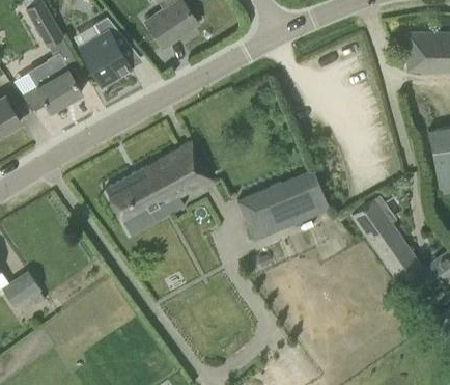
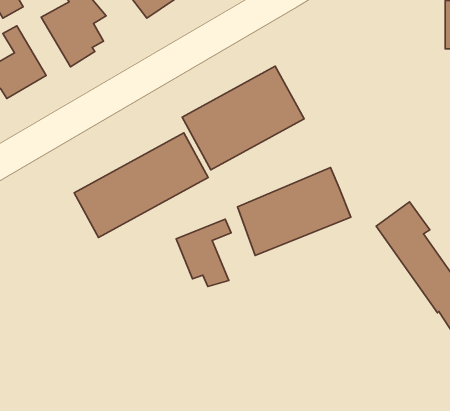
building: none -> [182,66,304,170]
building: none -> [176,219,231,287]

